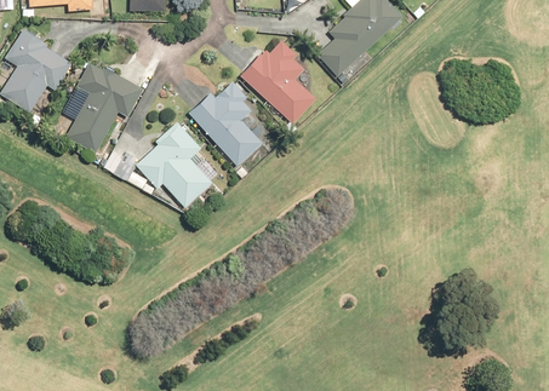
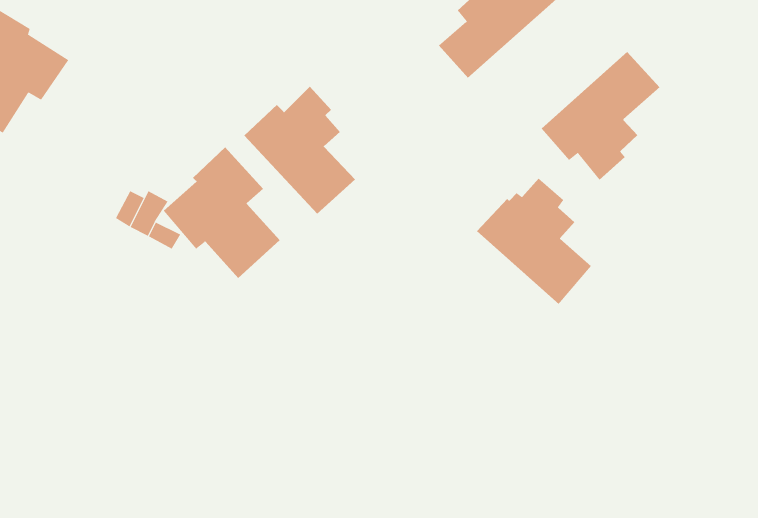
building: [239,40,315,123] -> [476,178,592,305]
building: none -> [541,51,661,180]
building: [65,63,142,154] -> none

